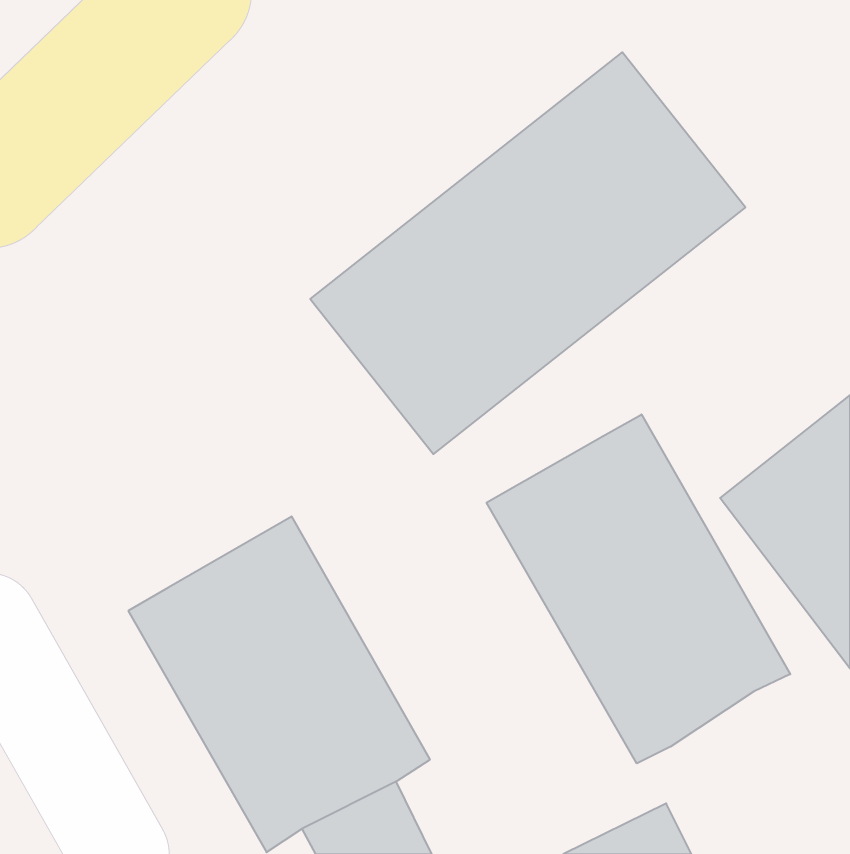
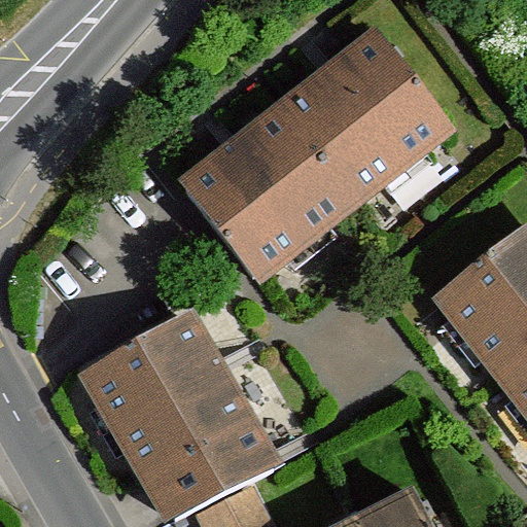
building: [487,414,790,763] -> none

